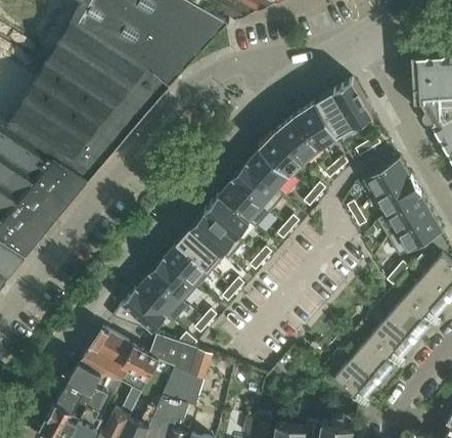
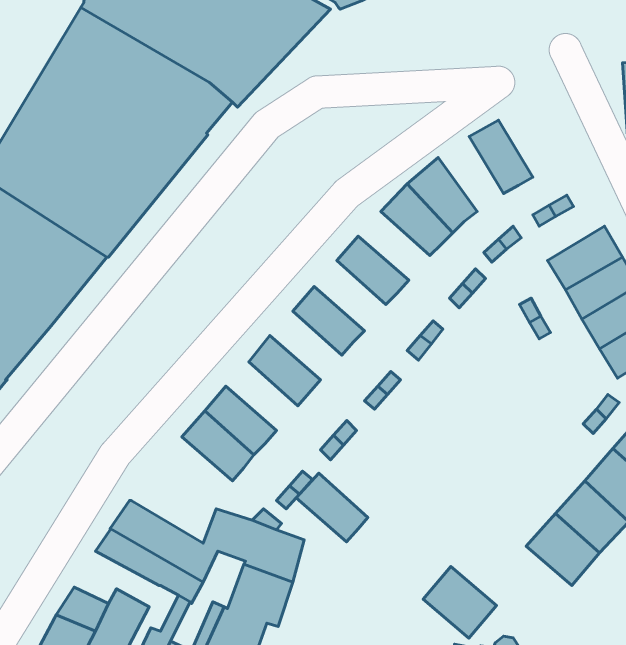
building: [333,80,373,127] -> none
building: [296,101,336,148] -> none
building: [245,148,290,191] -> none
building: [218,179,263,223] -> none
building: [190,211,235,254] -> none
building: [163,243,208,286] -> [296,473,368,542]
building: [111,290,167,334] -> none
building: [333,358,379,403] -> [423,566,497,638]
building: [67,361,121,396] -> none

